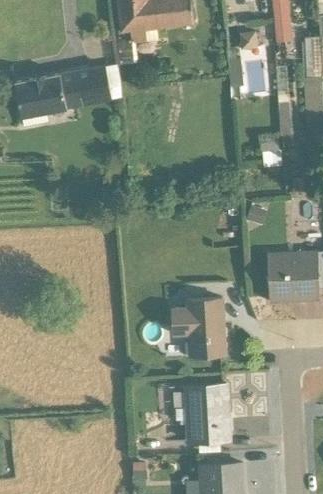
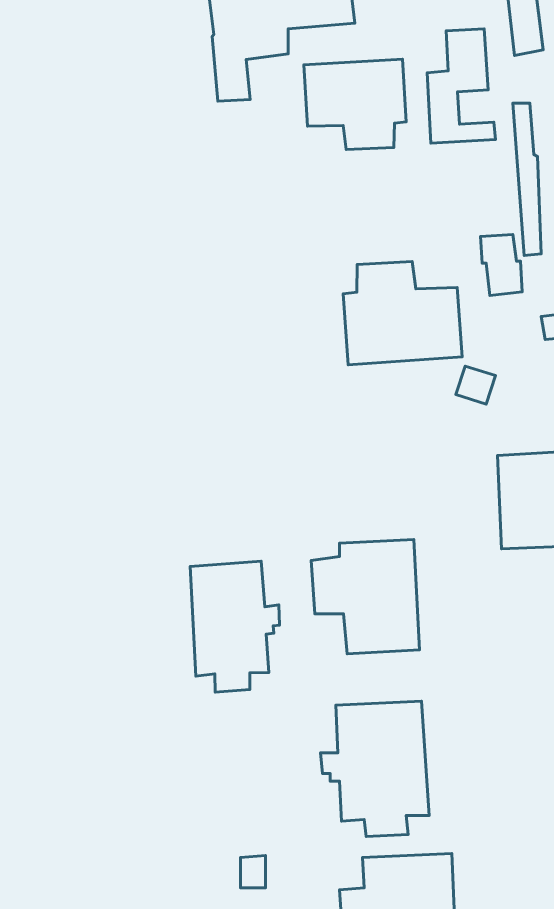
building: none -> [304,59,406,150]
building: [14,64,122,127] -> none
building: none -> [343,262,462,365]
building: none -> [190,561,279,692]

